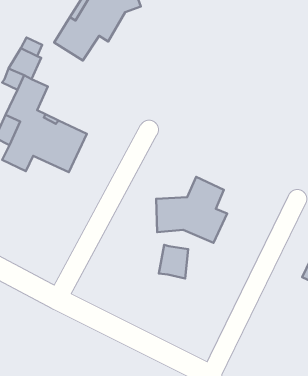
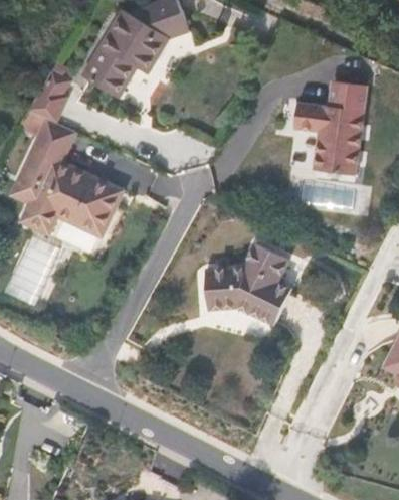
building: none -> [292,79,365,172]
building: [159,245,188,278] -> none

